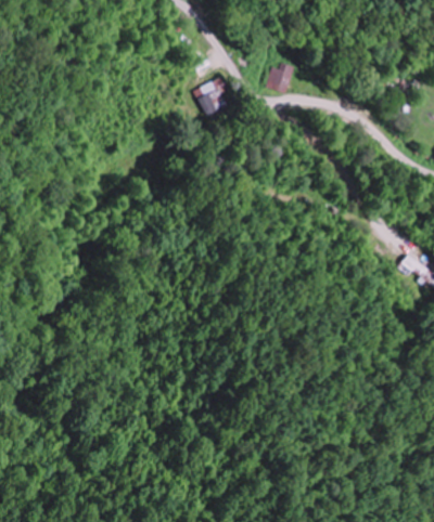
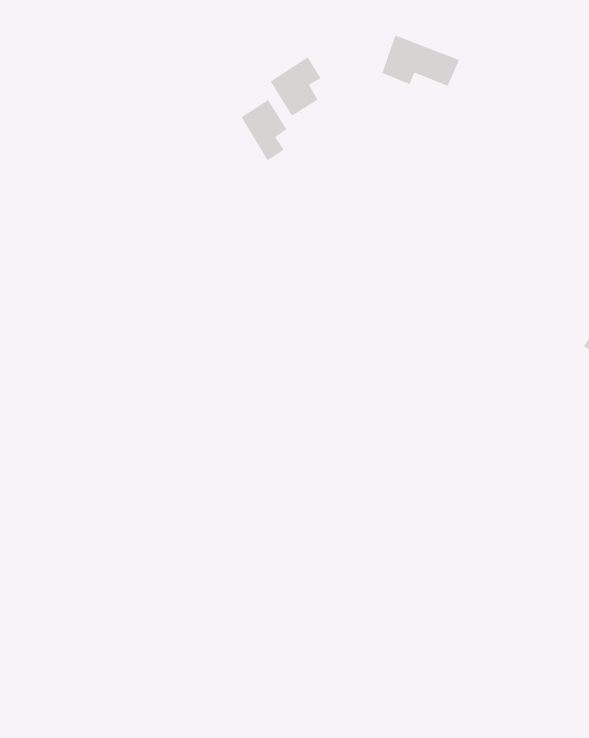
building: none -> [241,99,287,161]

